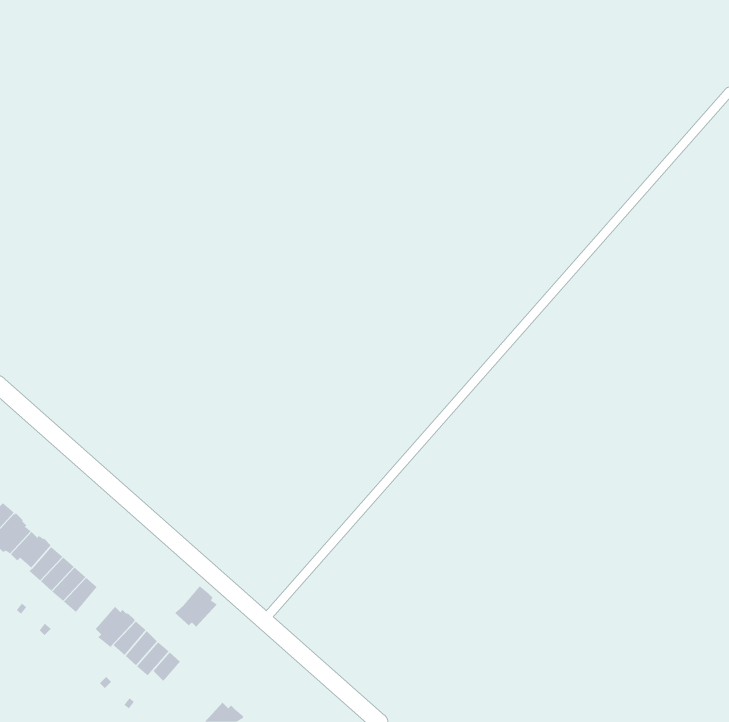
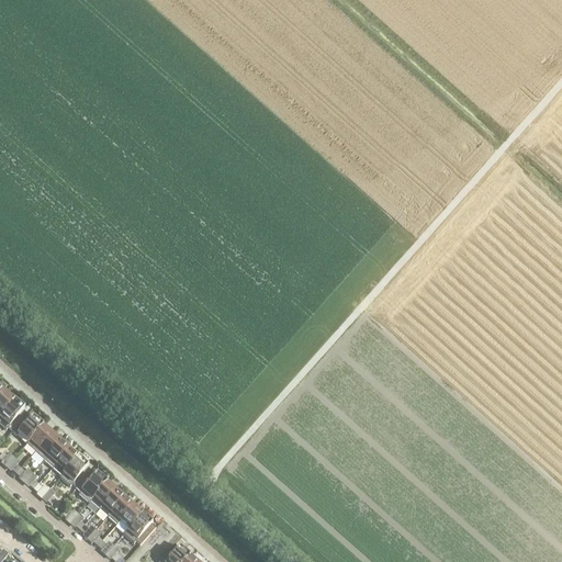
building: [175,586,218,628] -> [120,506,153,538]
building: none -> [56,449,88,481]

